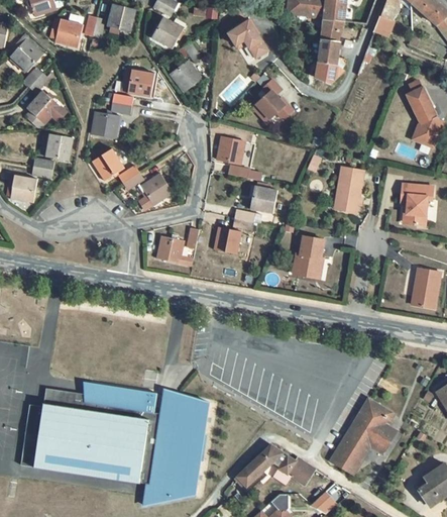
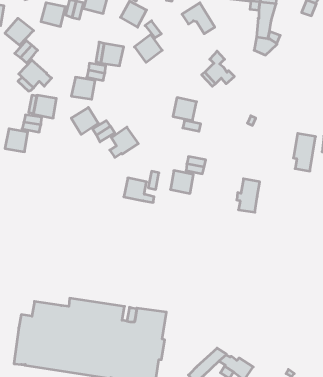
building: [336,167,363,213] -> [293,133,316,171]
building: [249,186,277,213] -> none
building: [330,399,396,474] -> none

